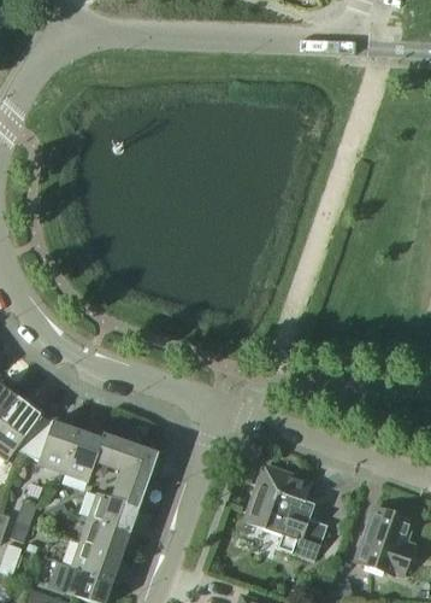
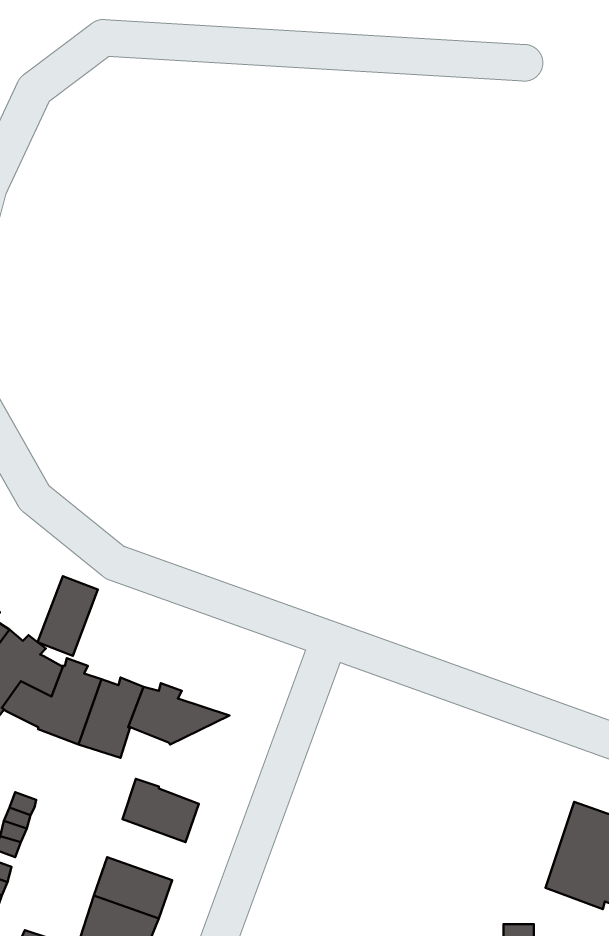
building: none -> [38,576,98,656]
building: [112,452,157,508] -> none
building: [235,459,326,561] -> none
building: [79,517,129,556] -> none

